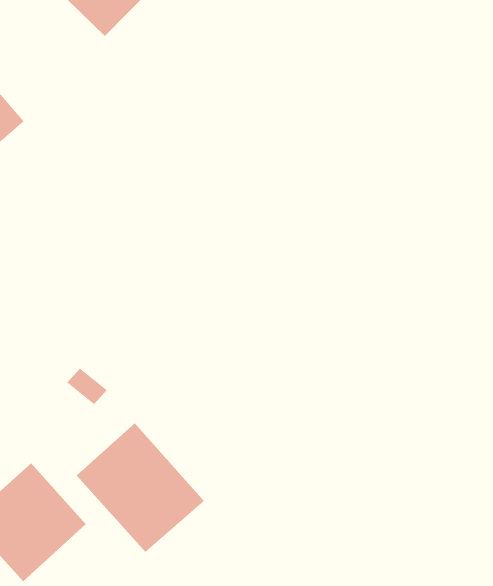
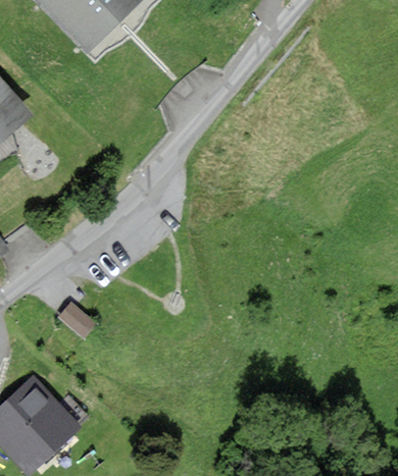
building: [76,422,205,553] -> none

